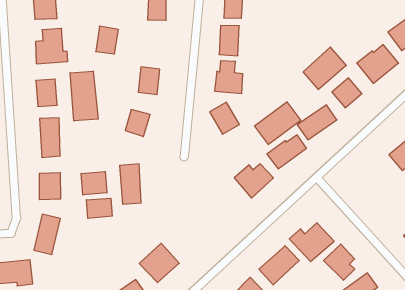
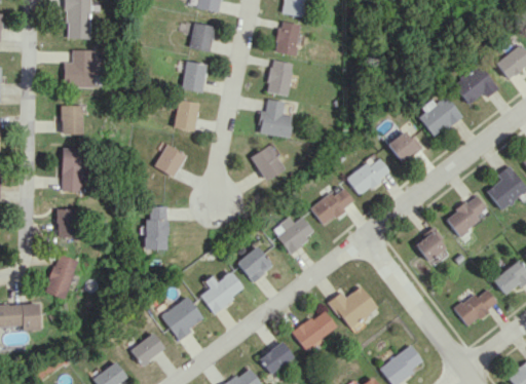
building: [96,26,118,54] -> [181,61,208,92]
building: [303,47,346,90] -> none
building: [70,71,98,121] -> none
building: [255,102,301,145] -> none
building: none -> [414,229,447,262]
building: [81,171,107,195] -> none
building: none -> [236,246,272,282]
building: [86,198,112,218] -> none
building: none -> [200,271,245,312]
building: [324,244,355,280] -> none

